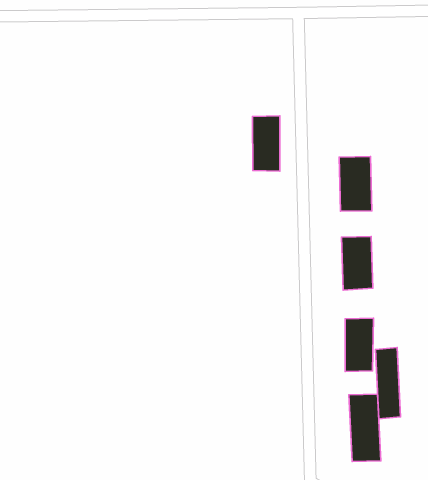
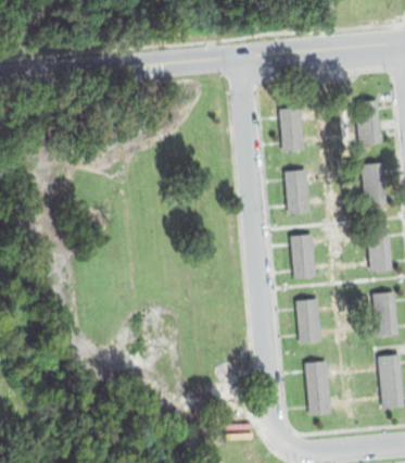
building: [253,116,280,171] -> [280,108,305,153]
building: [376,348,401,419] -> none

